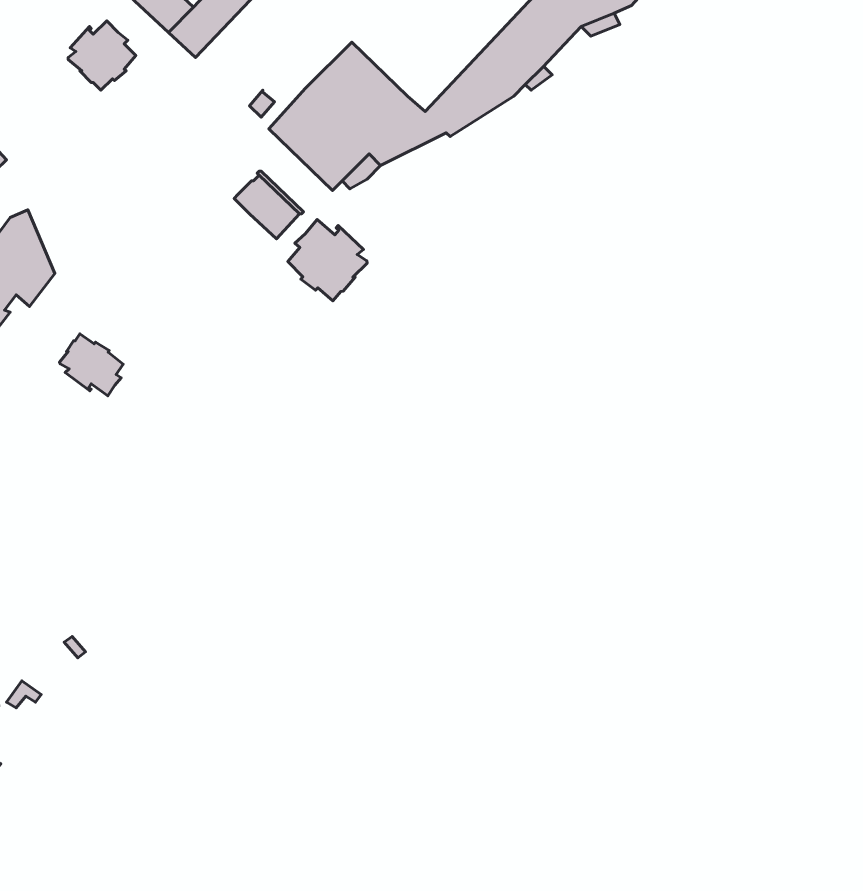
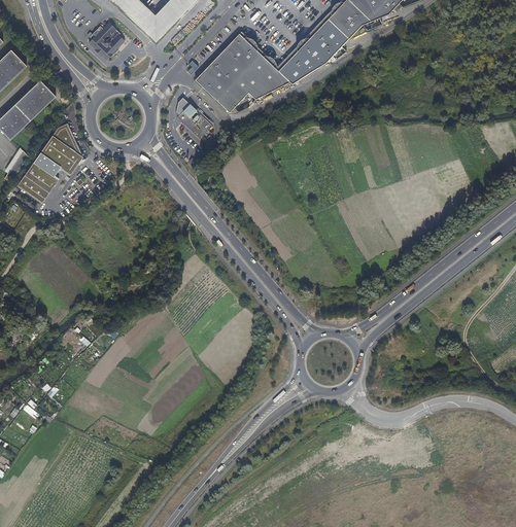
building: [288,220,367,301] -> none
building: [60,334,123,396] -> none

